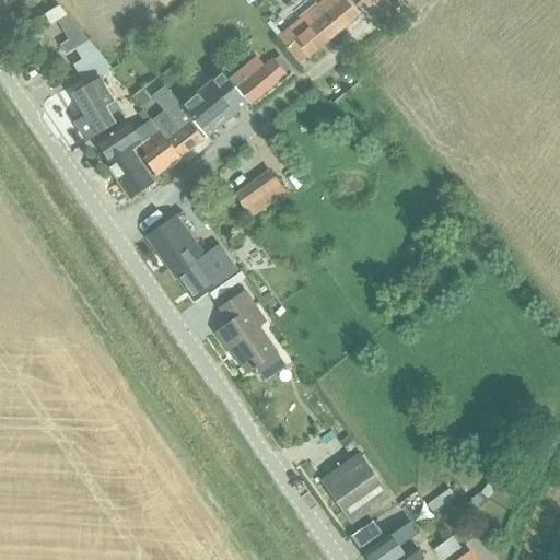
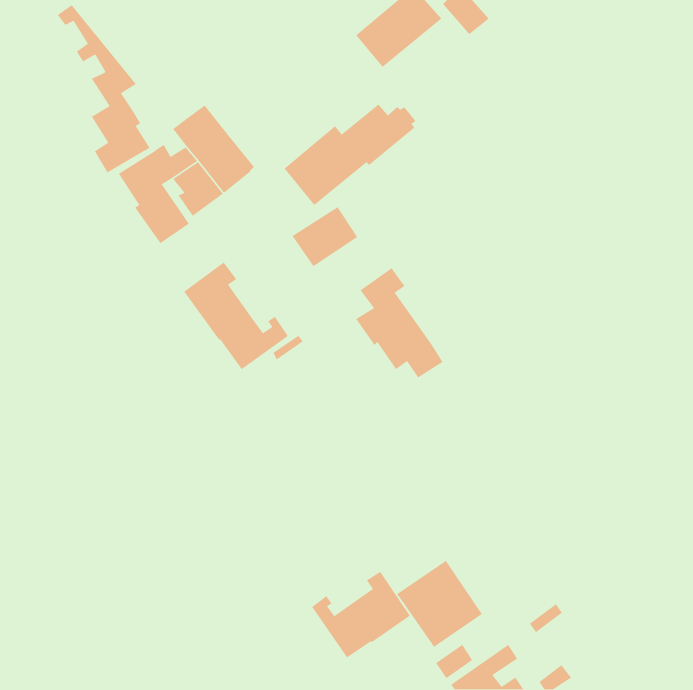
building: [182,52,289,136] -> [284,104,417,207]
building: [214,289,285,378] -> [355,267,443,378]
building: none -> [311,571,411,659]

